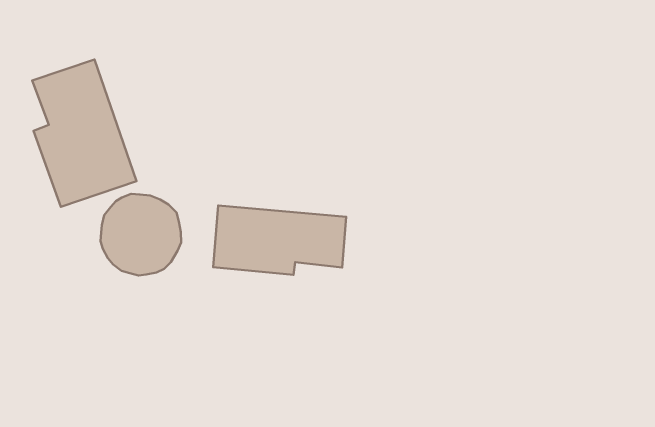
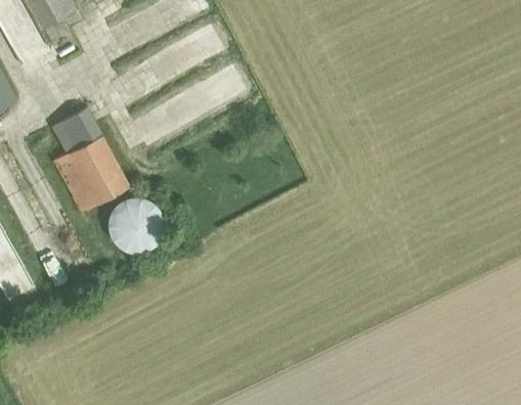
building: [213,205,346,275] -> none

